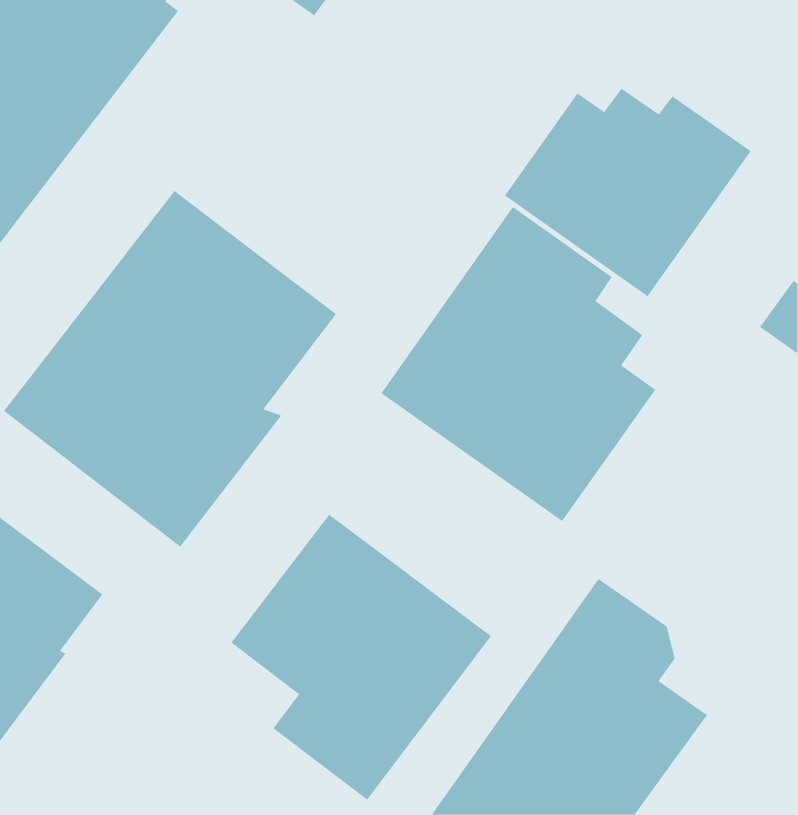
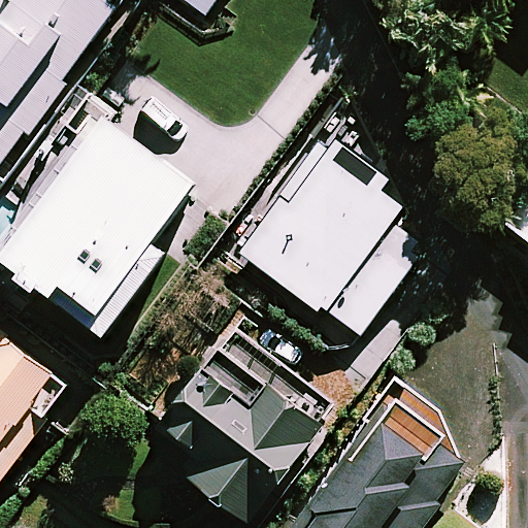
building: [504,88,751,297] -> none

